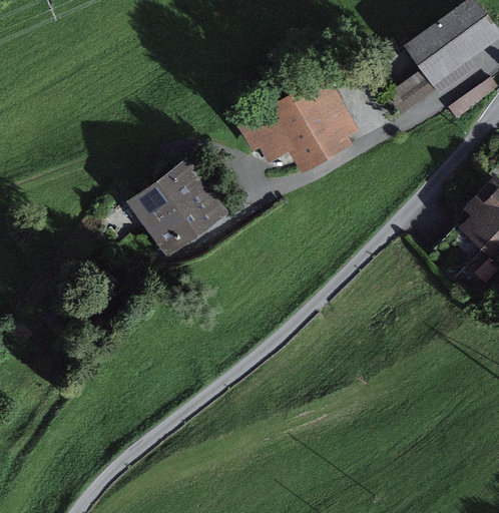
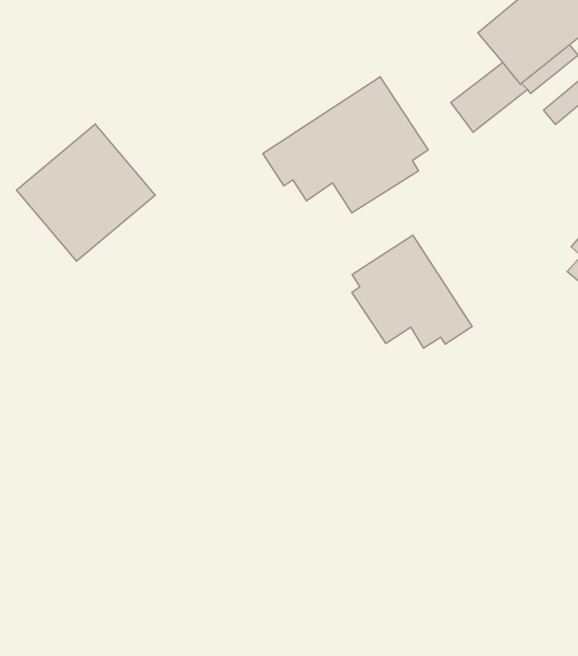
building: [126,157,228,258] -> [17,124,155,261]
building: none -> [352,235,472,348]

